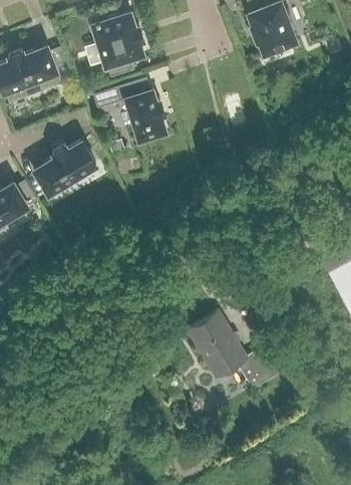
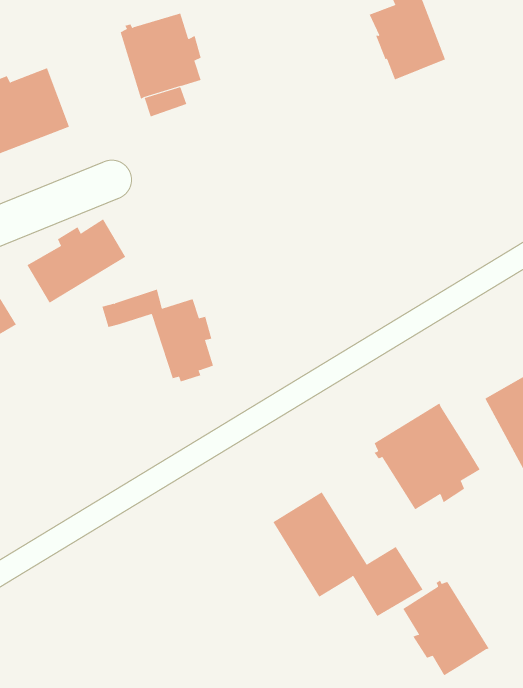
building: [95,83,165,142] -> [101,289,214,382]
building: none -> [374,402,481,510]
building: none -> [402,579,489,676]

